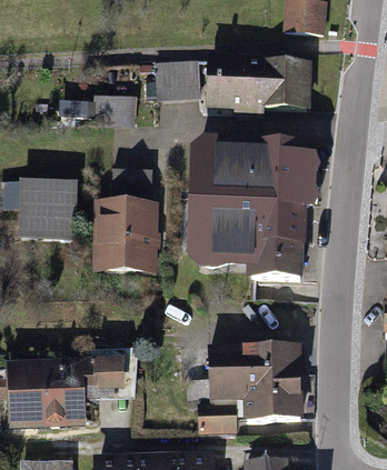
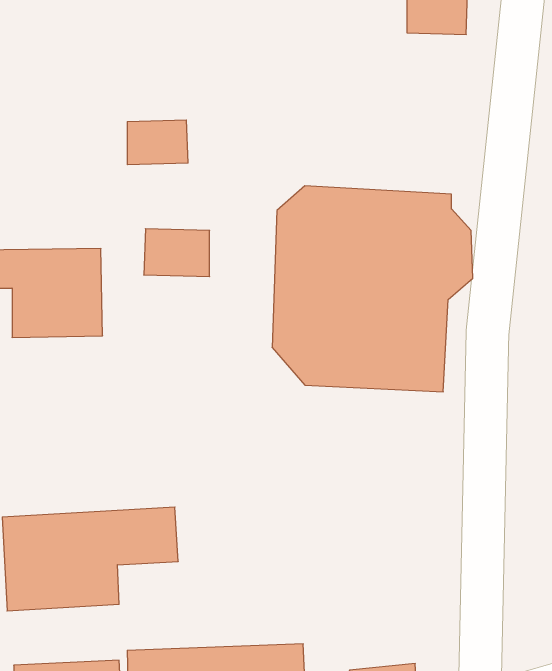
building: [206,56,308,108] -> none
building: [153,59,199,99] -> none
building: [92,202,157,273] -> none
building: [196,347,304,432] -> none

